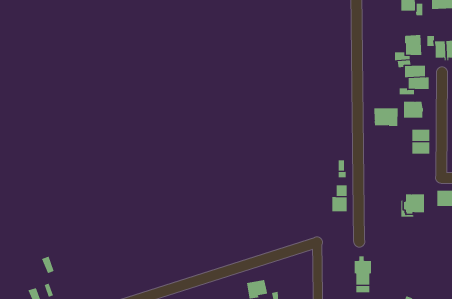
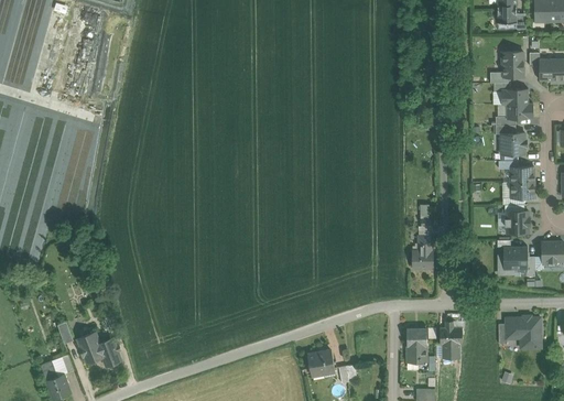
building: [374,108,398,127] -> none
building: none -> [506,210,530,232]
building: none -> [507,317,541,347]
building: none -> [408,327,427,365]
building: none -> [78,332,122,366]

